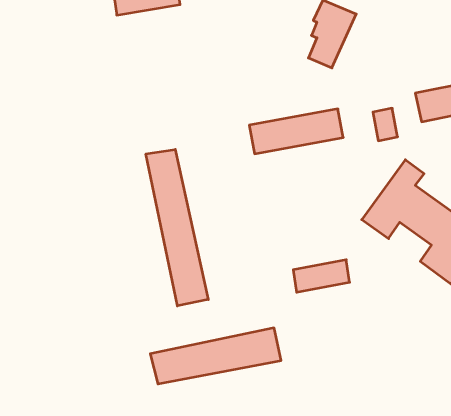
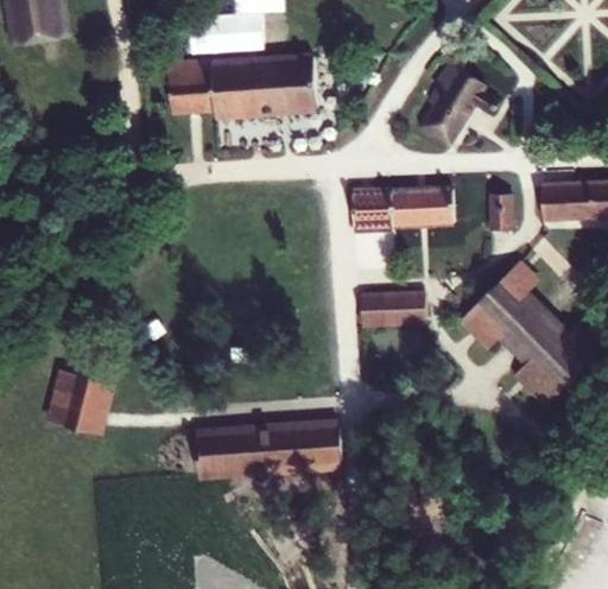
building: none -> [175,59,323,118]
building: [146,149,208,306] -> none
building: [293,260,350,292] -> [357,294,419,323]
building: none -> [59,373,118,432]

